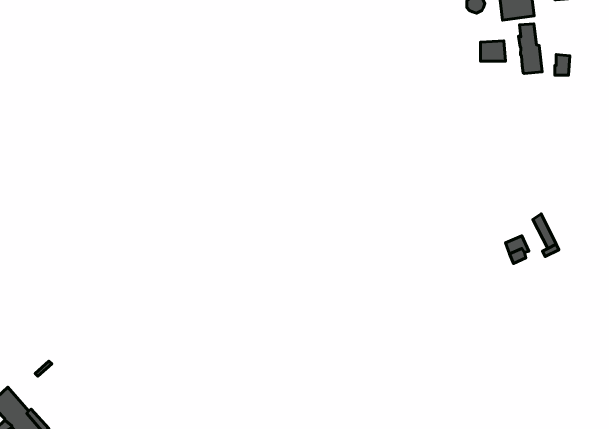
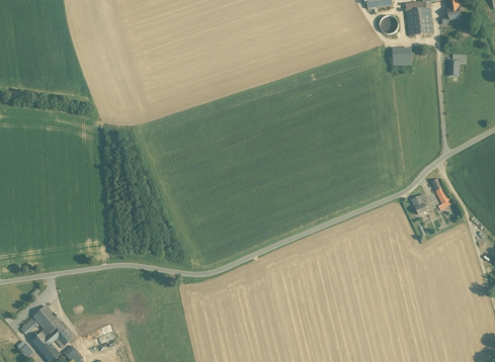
building: [519,24,542,74] -> none

